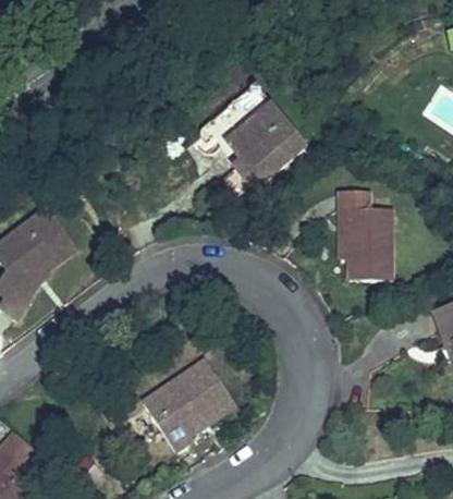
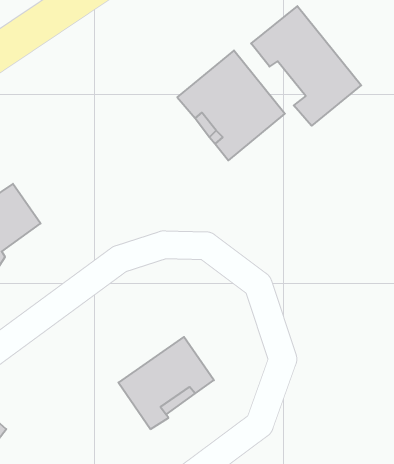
building: none -> [251,6,361,126]
building: [343,191,394,278] -> none

